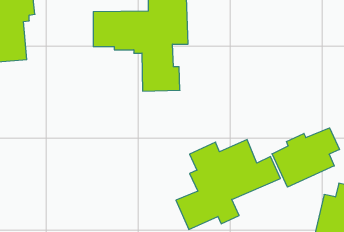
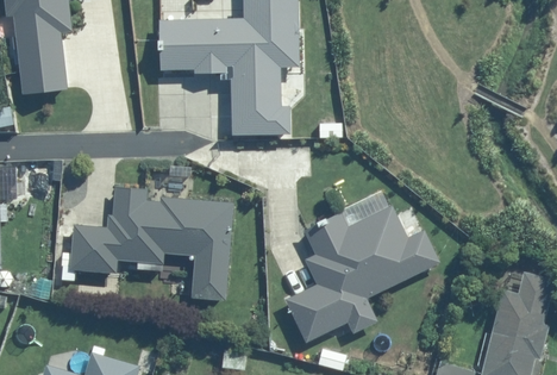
building: none -> [68,188,230,299]
building: [272,128,339,187] -> none

